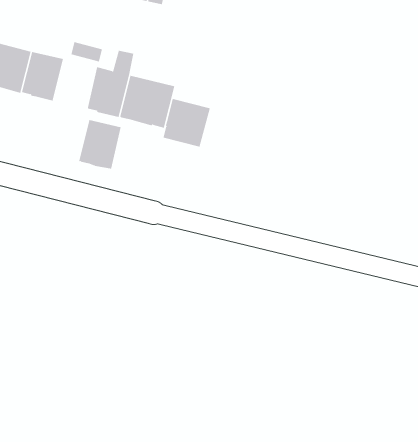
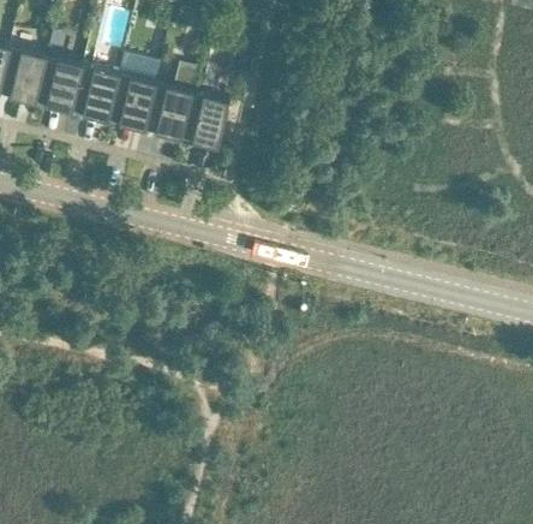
building: [162,98,211,148] -> none
building: [78,120,121,169] -> [102,72,150,127]

